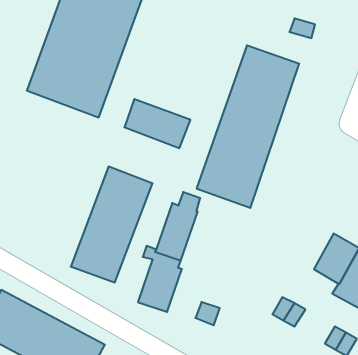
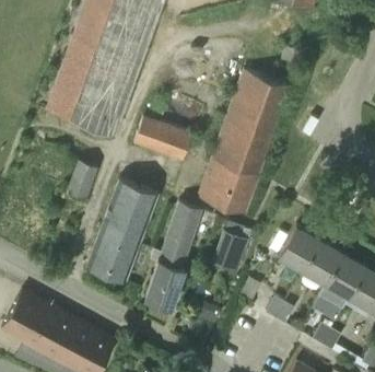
building: none -> [67,164,97,204]
building: none -> [279,228,320,272]
building: none -> [212,229,251,271]

